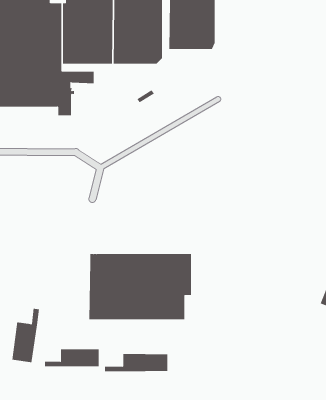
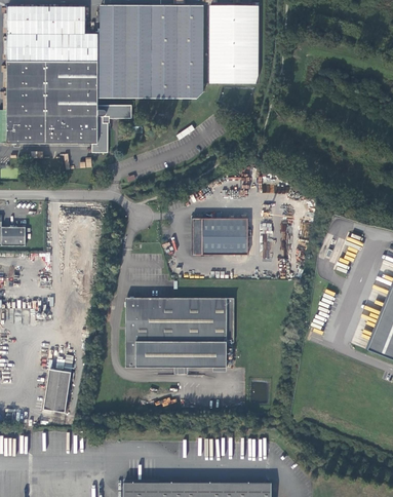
building: none -> [192,219,246,255]
building: [45,348,99,367] -> none
building: [104,353,168,372] -> none

